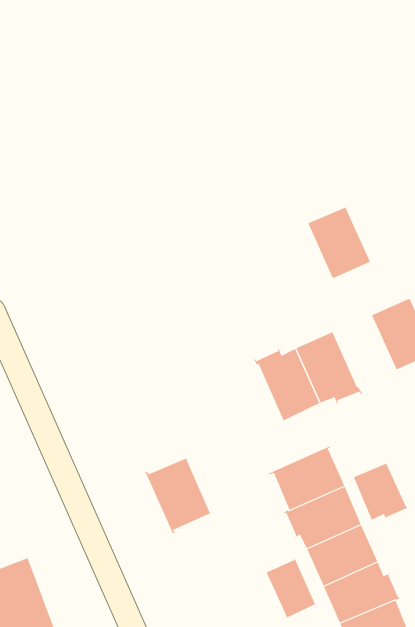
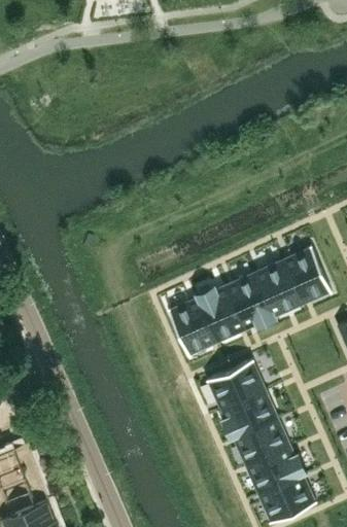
building: [307,207,371,278] -> [254,262,302,316]
building: [145,457,211,534] -> [168,300,217,357]
building: [353,463,409,521] -> none
building: [266,557,318,619] -> none

